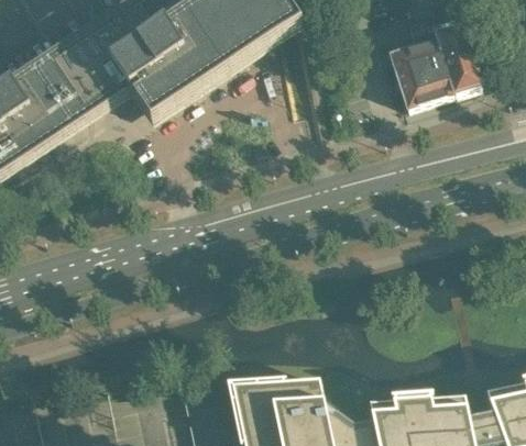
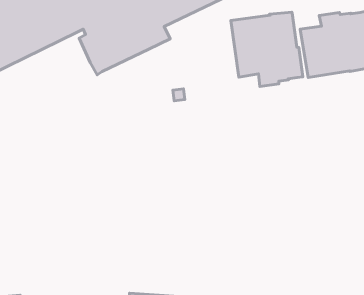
building: none -> [231,12,303,87]

